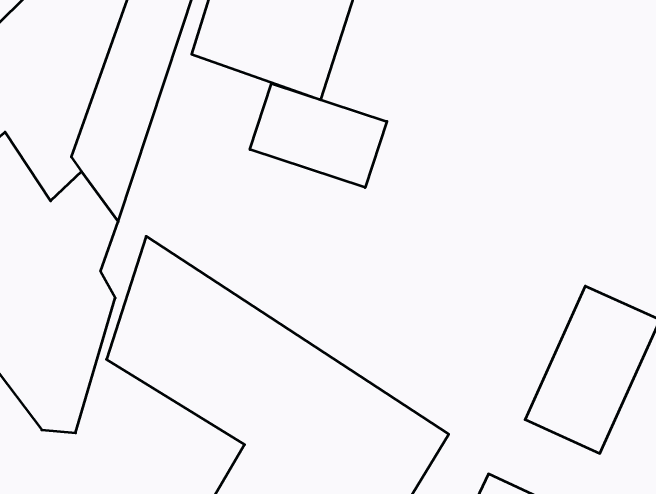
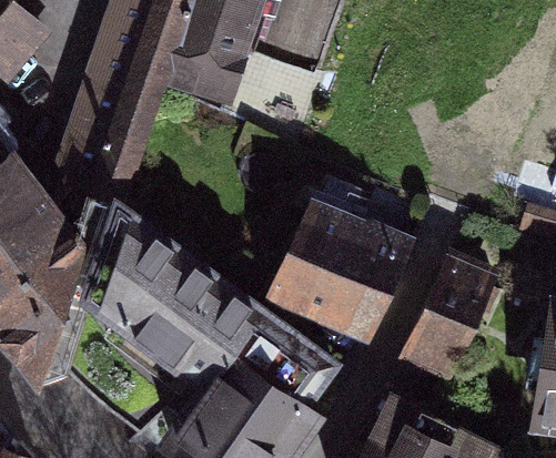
building: [250,84,387,188] -> none
building: none -> [266,207,413,345]

